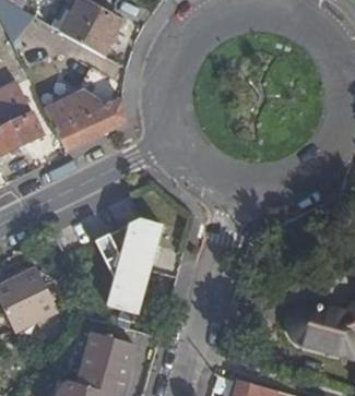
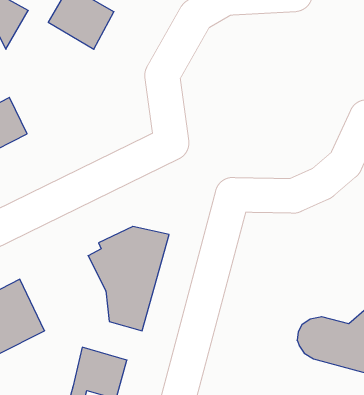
building: [45,89,123,152] -> none

